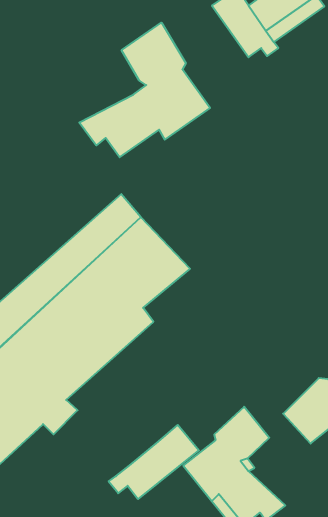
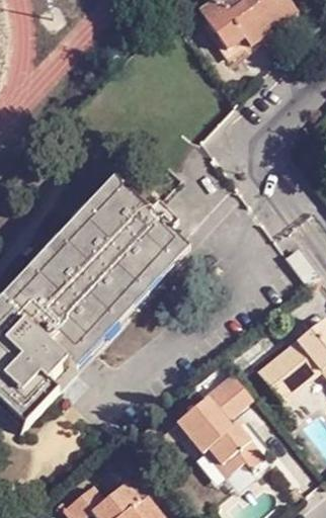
building: [79,23,210,157] -> none
building: [109,425,199,499] -> none

